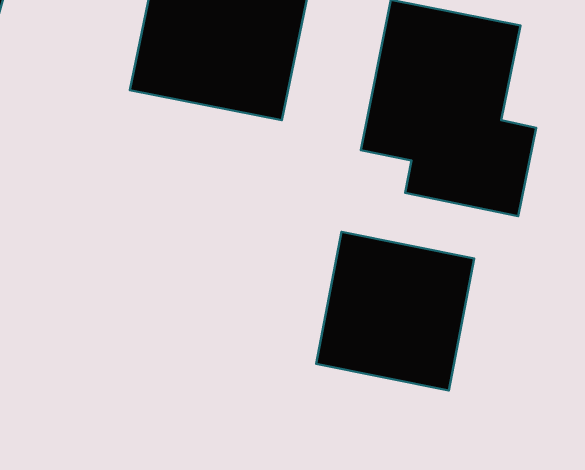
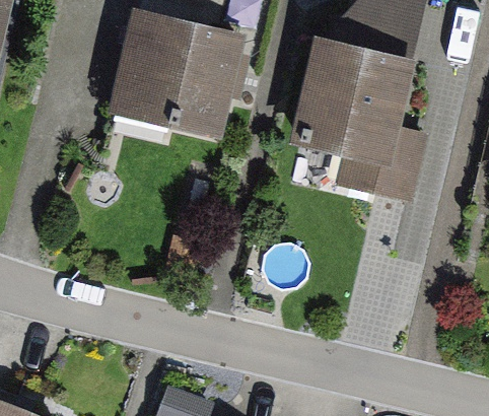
building: [316,232,474,390] -> none

